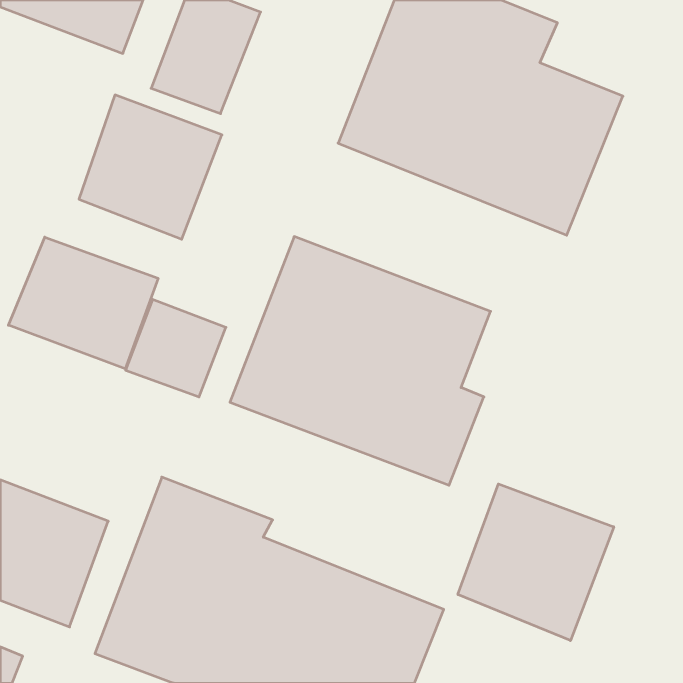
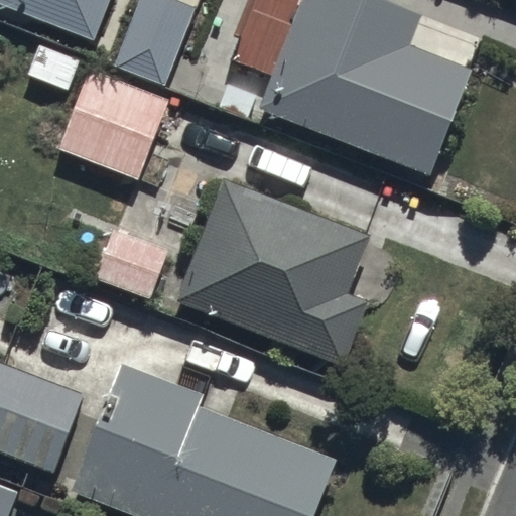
building: [8,237,158,369] -> none
building: [458,484,614,641] -> none

